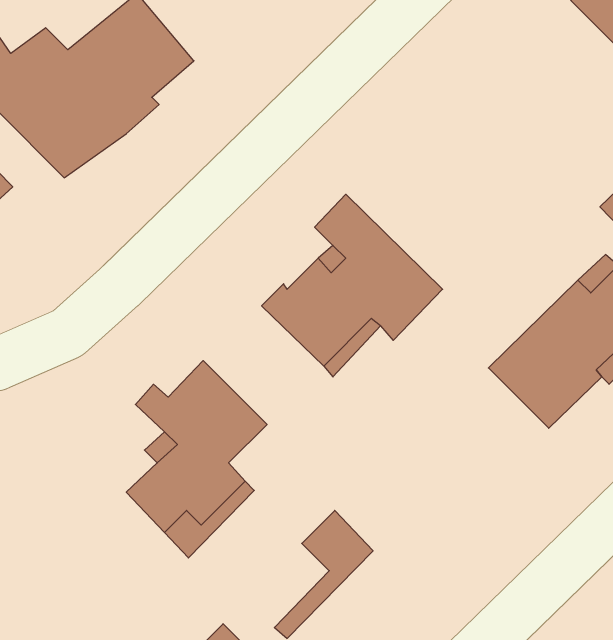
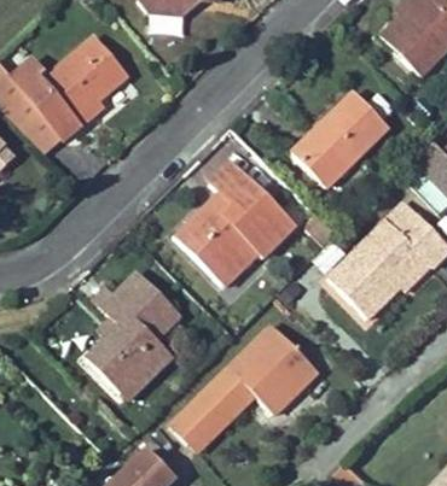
building: none -> [291,93,388,188]
building: none -> [225,328,313,416]
building: none -> [167,393,221,449]

